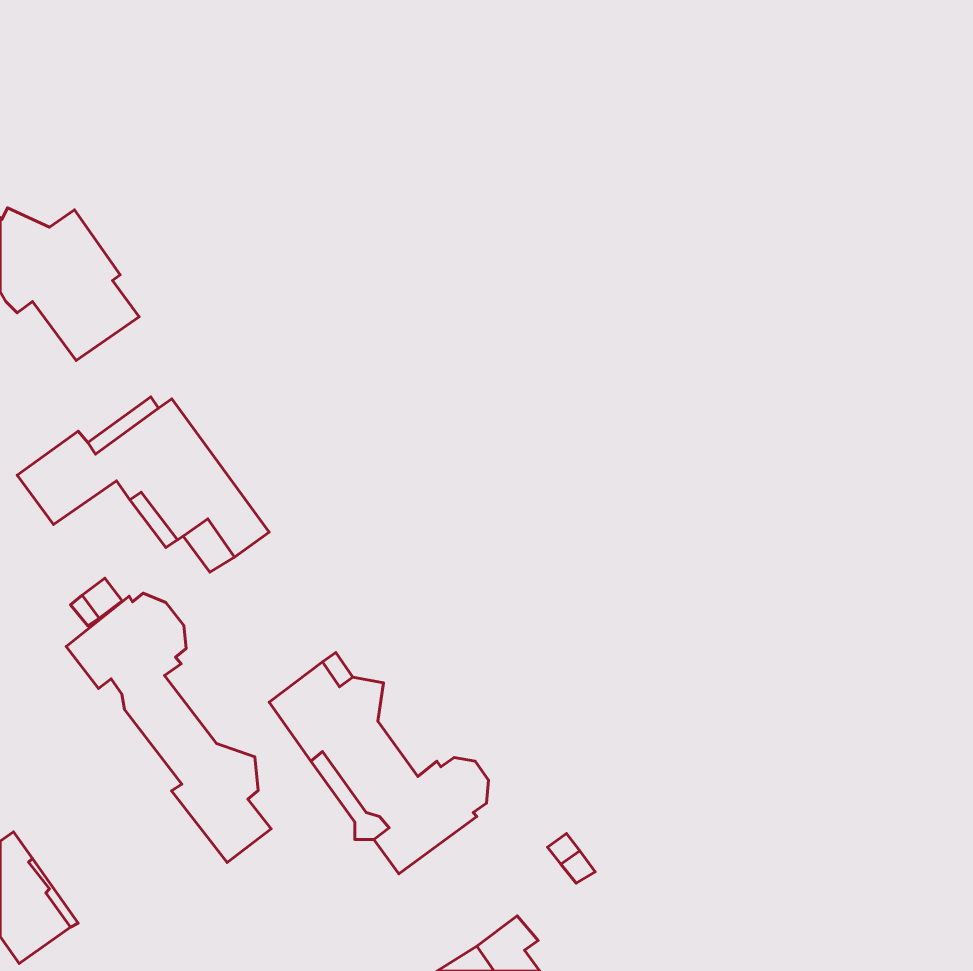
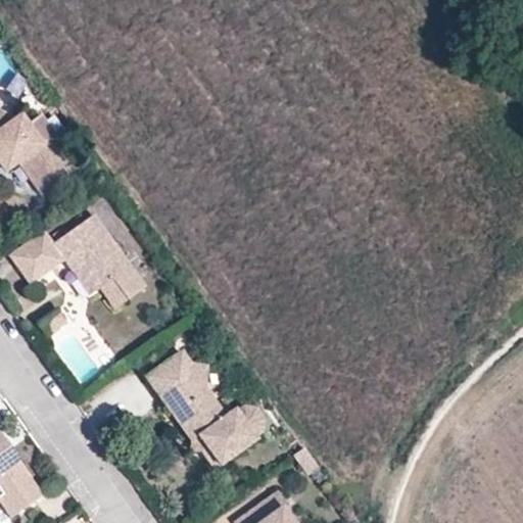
building: [66,593,271,863] -> none

